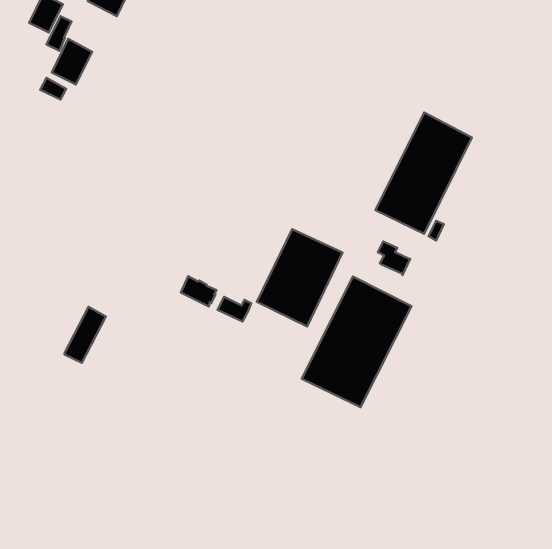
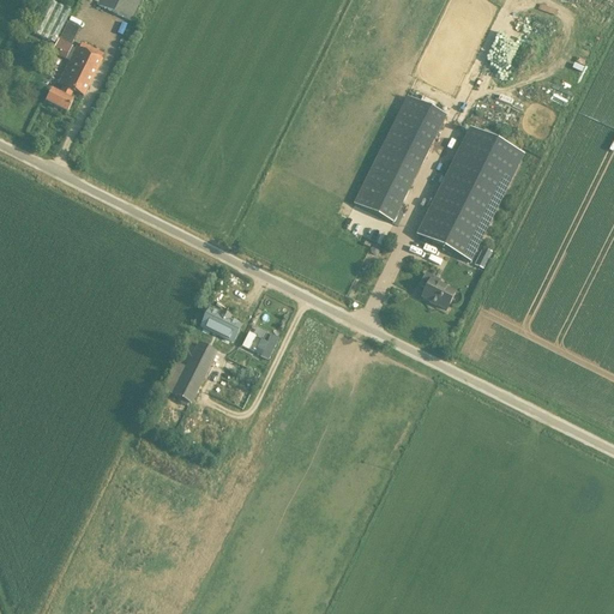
building: none -> [355,94,447,221]
building: [257,229,343,326] -> none
building: [302,276,411,407] -> none
building: [65,307,106,363] -> [173,339,218,402]

